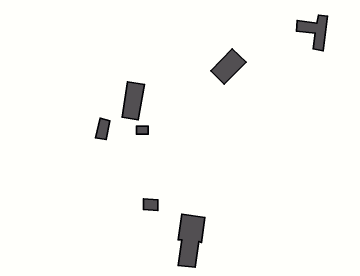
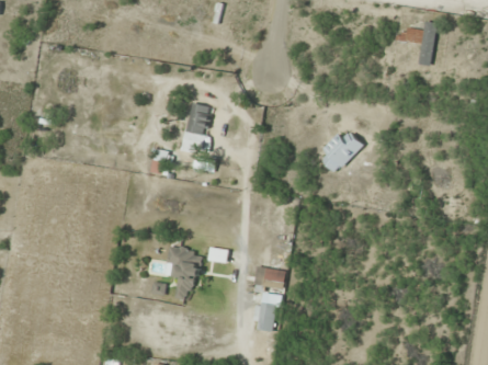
building: [211,49,246,84] -> [318,129,362,173]
building: none -> [166,244,202,299]

